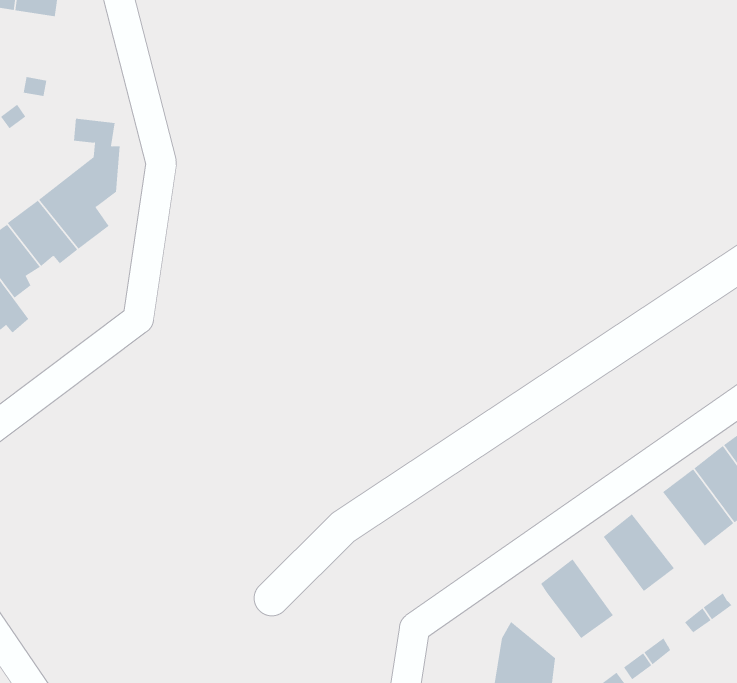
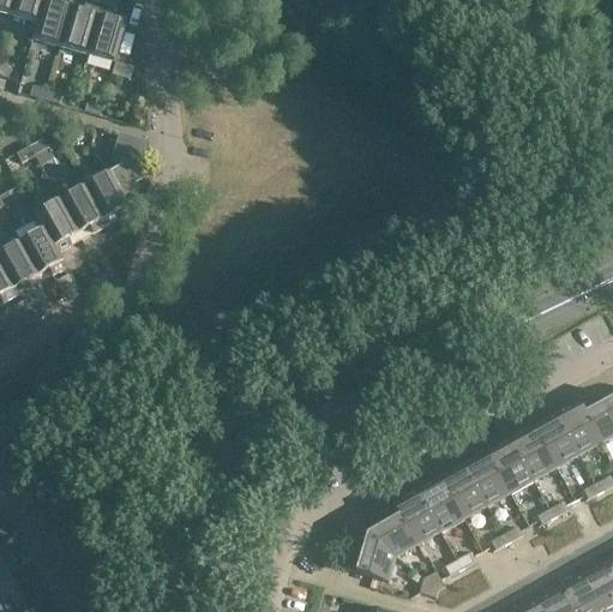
building: none -> [464,449,511,503]
building: none -> [419,474,464,529]
building: none -> [369,508,416,553]

